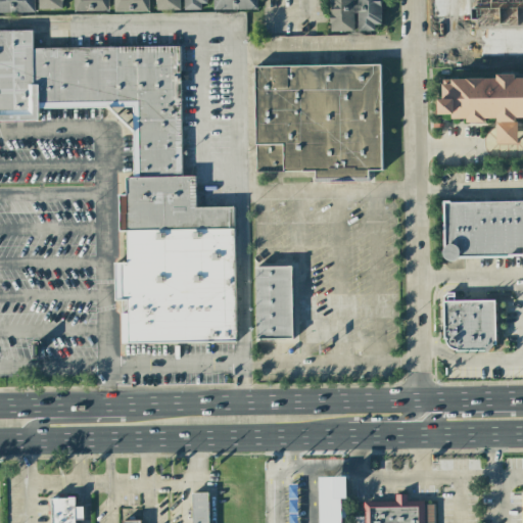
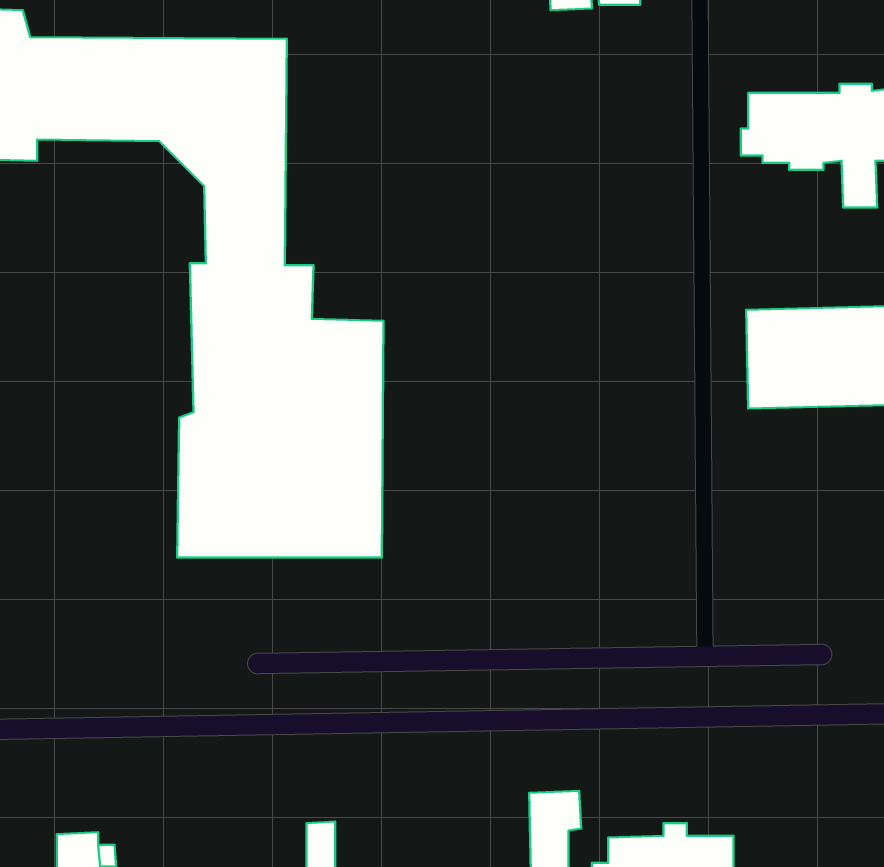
building: [255,63,383,181] -> none
building: [256,265,295,338] -> none
building: [444,292,496,350] -> none

